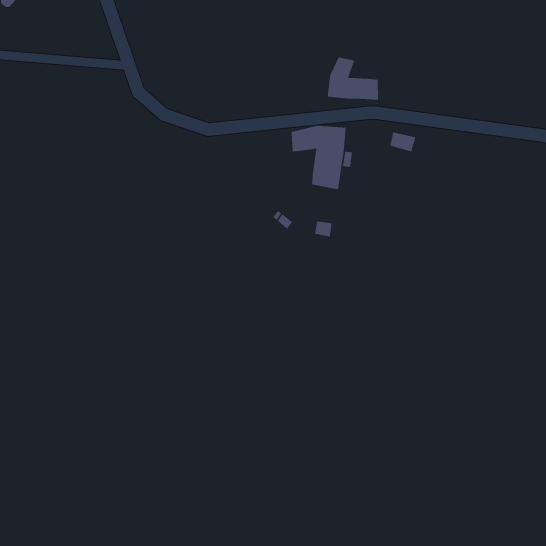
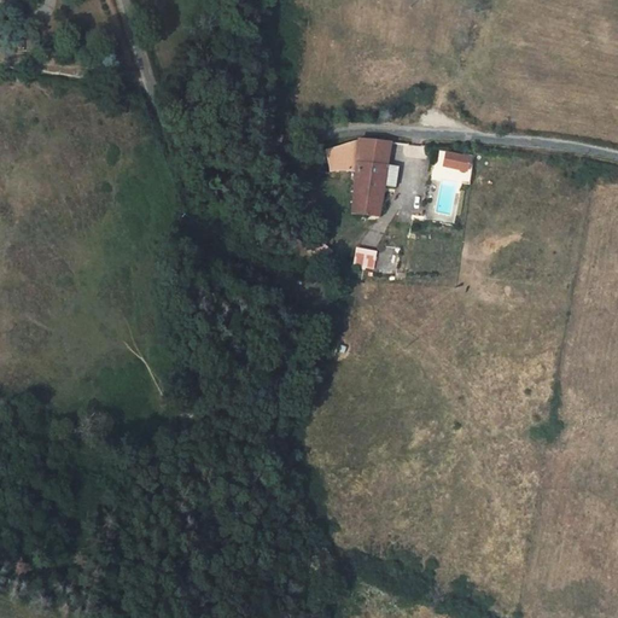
building: [327,57,379,101] -> none

